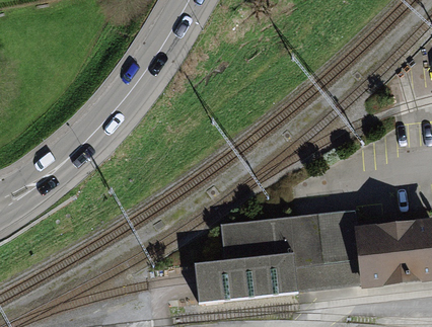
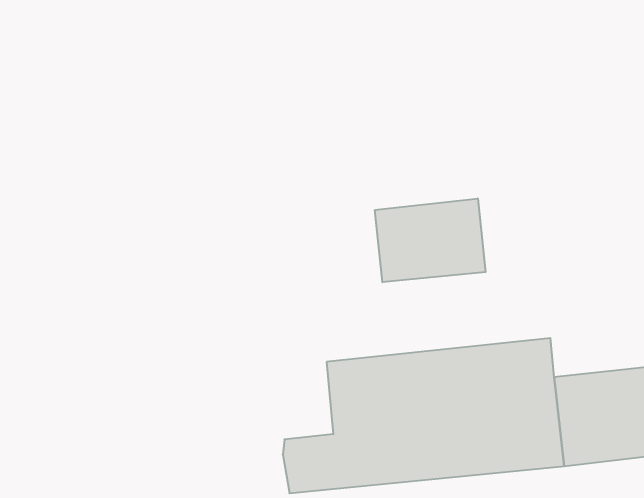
building: none -> [375,198,486,282]

